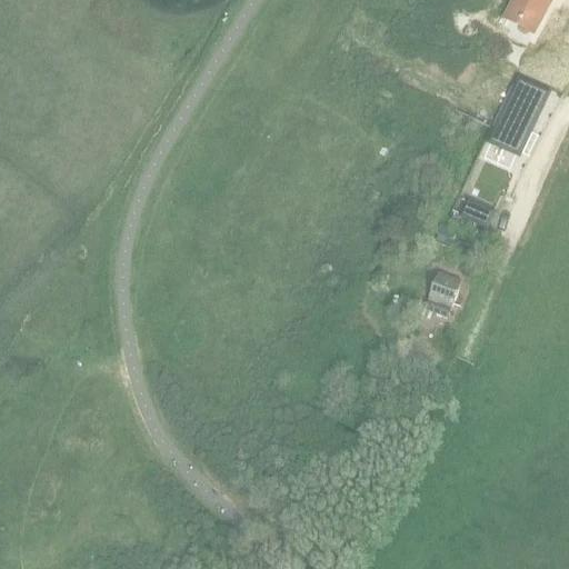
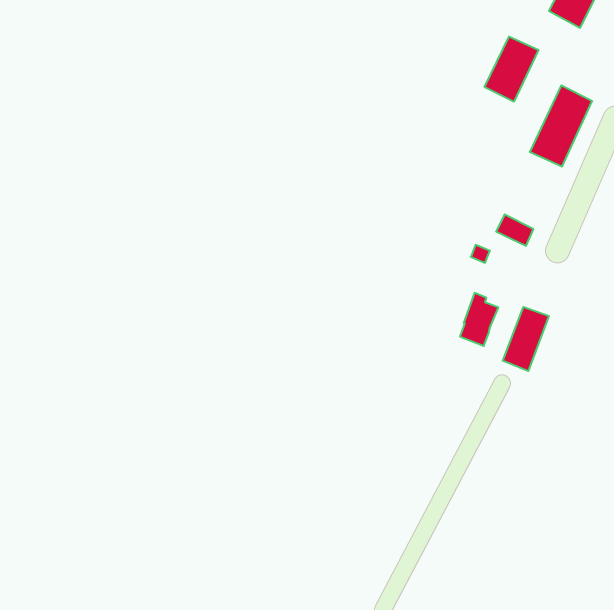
building: none -> [485,37,538,102]
building: none -> [503,307,549,371]

